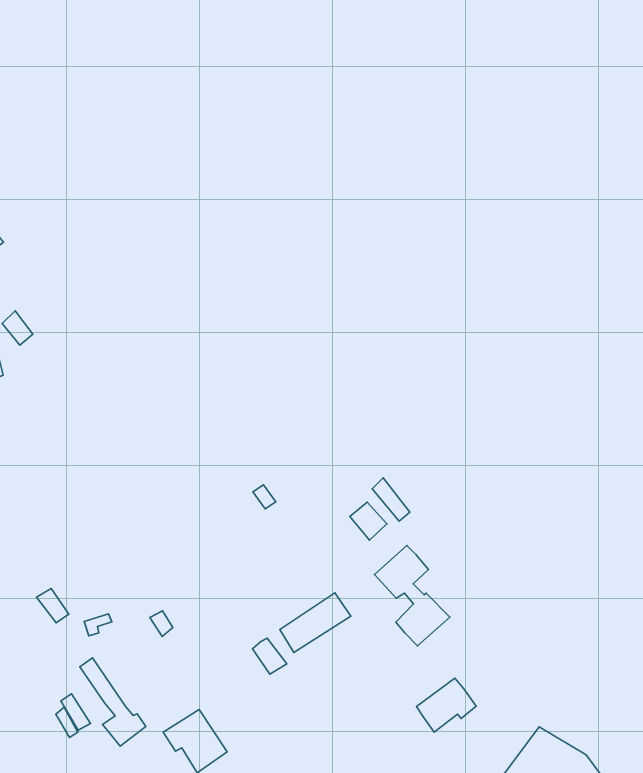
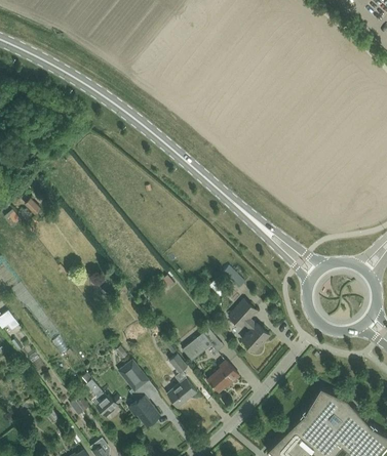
building: none -> [118,361,149,393]
building: [417,678,476,732] -> [208,364,239,392]
building: none -> [167,379,197,409]

